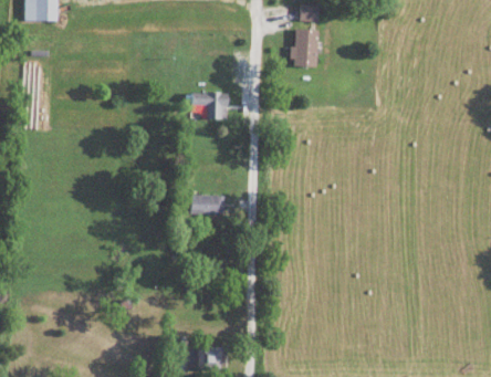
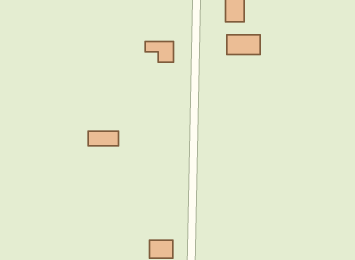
building: none -> [227,35,260,54]
building: [185,195,223,213] -> [88,131,118,146]

